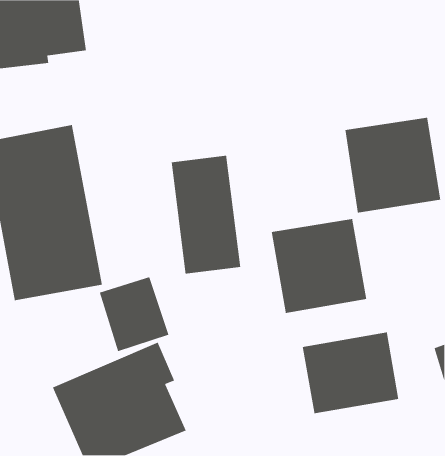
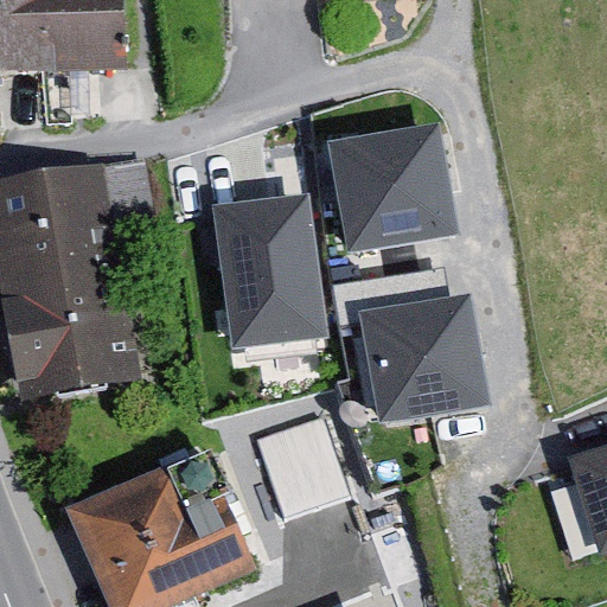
building: [345,117,441,213] -> [328,117,456,245]
building: [99,276,169,352] -> [255,418,349,519]
building: [302,332,399,414] -> none

